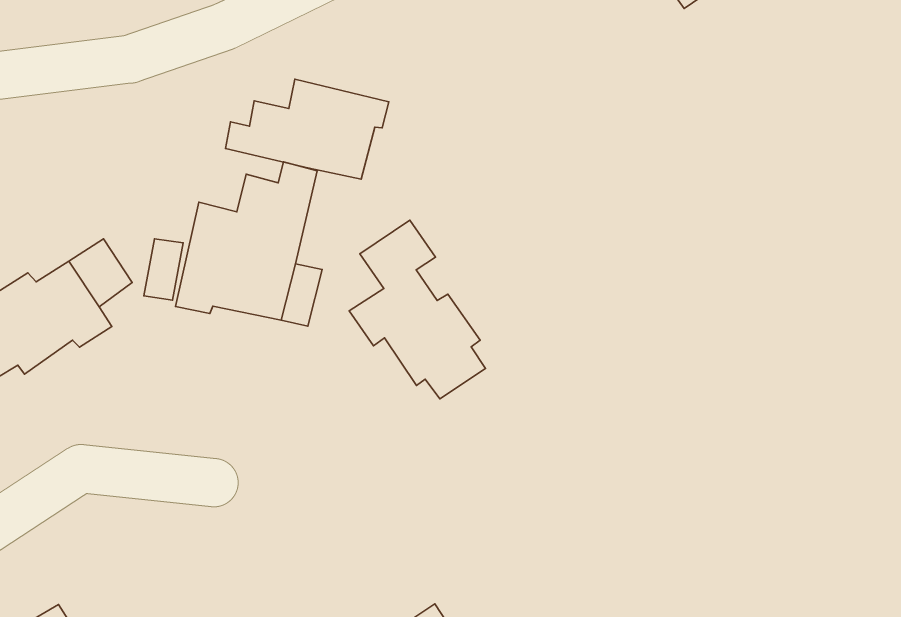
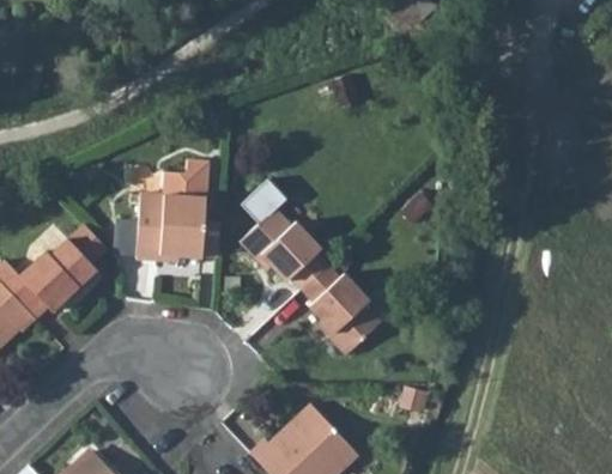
building: [225,79,389,179] -> none
building: none -> [305,267,383,357]

